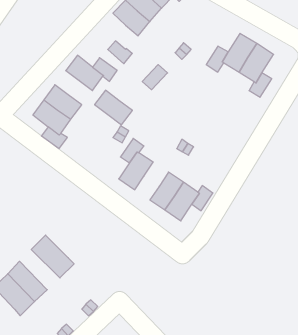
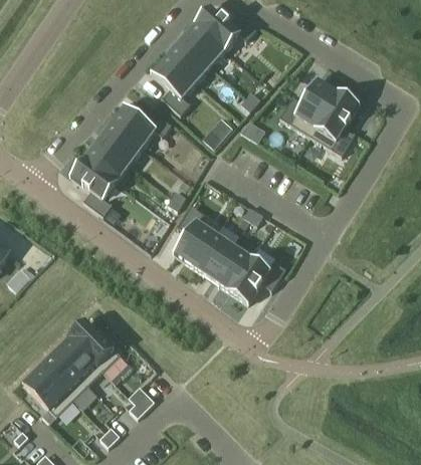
building: none -> [151,54,196,97]
building: [95,90,132,125] -> [96,123,142,164]
building: none -> [192,232,232,277]
building: none -> [54,336,102,385]

